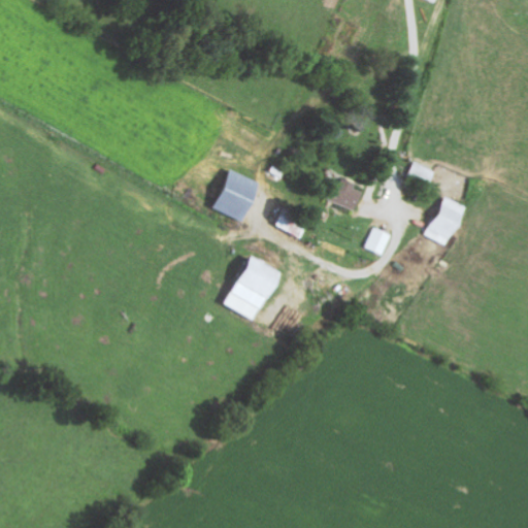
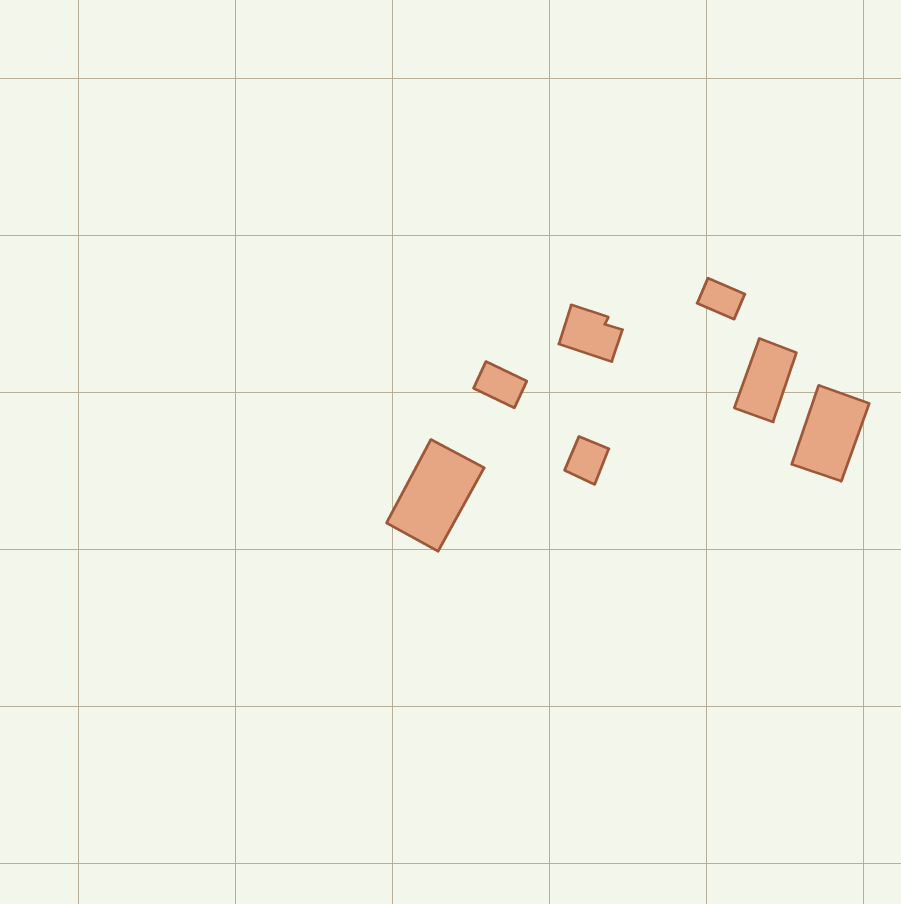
building: [213,169,261,222] -> none
building: none -> [792,385,869,481]
building: [364,227,390,255] -> [565,437,609,484]

